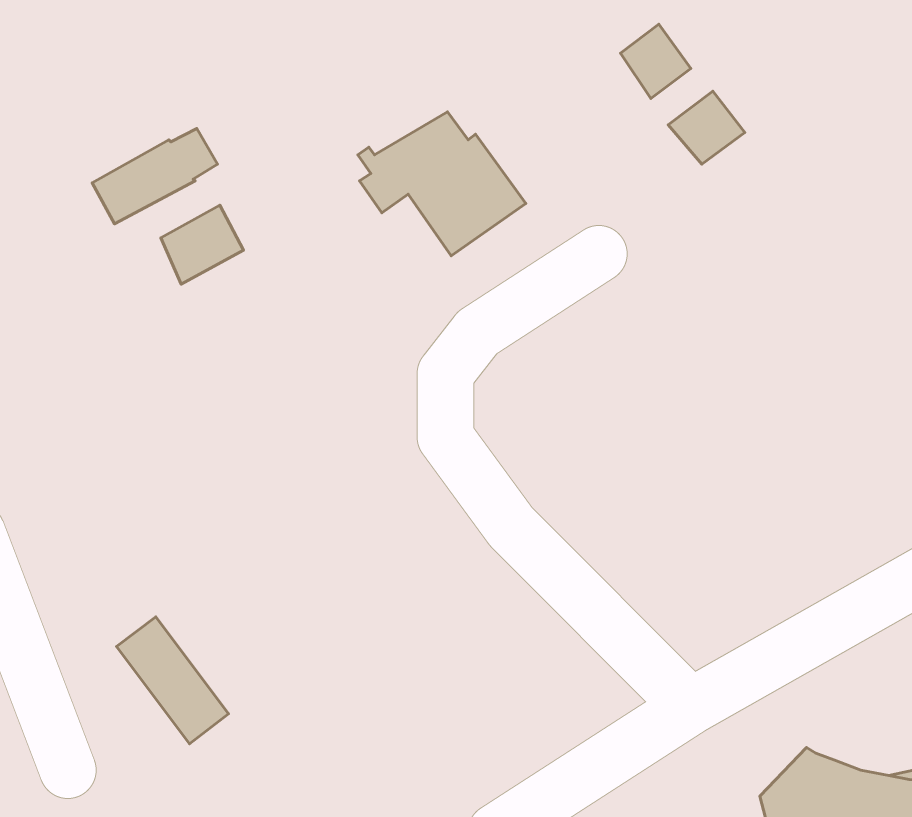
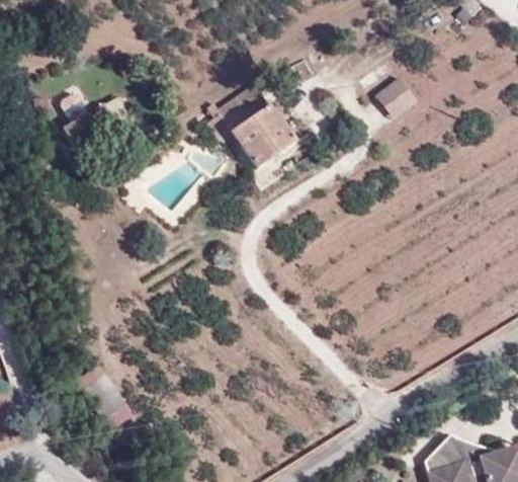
building: [620,24,691,99] -> none
building: [161,205,243,284] -> none

